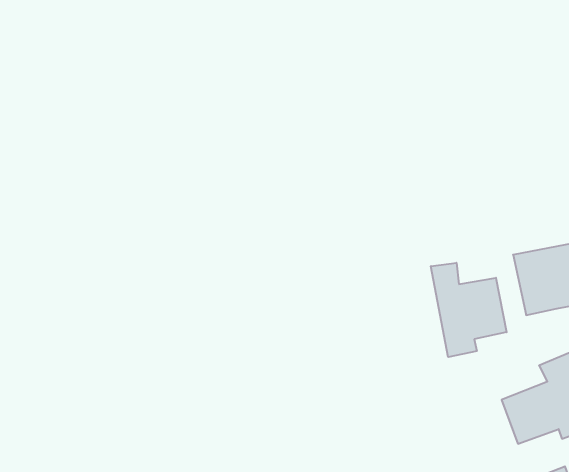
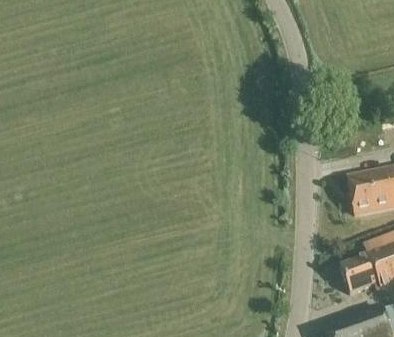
building: [431,263,507,357] -> none

